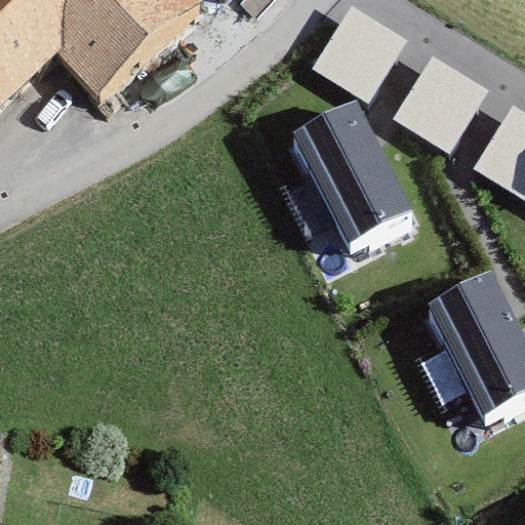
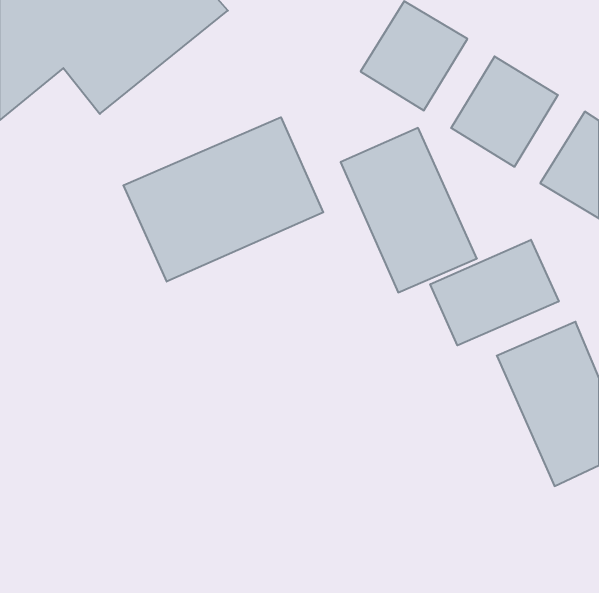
building: none -> [123,117,323,282]
building: none -> [430,240,559,345]

